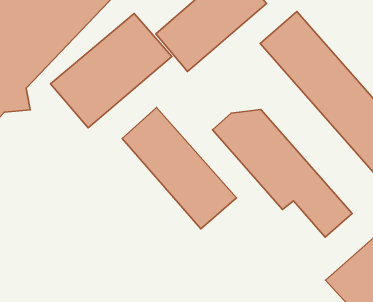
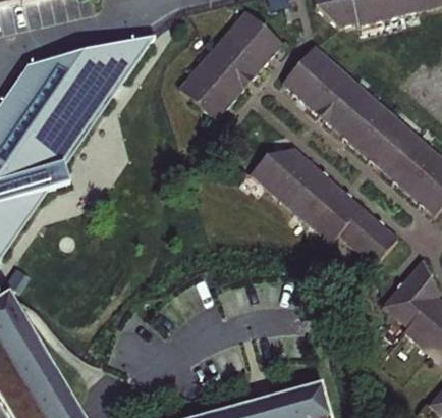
building: [50,13,172,128] -> none
building: [122,107,236,229] -> none

